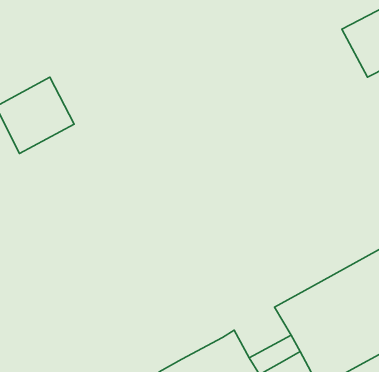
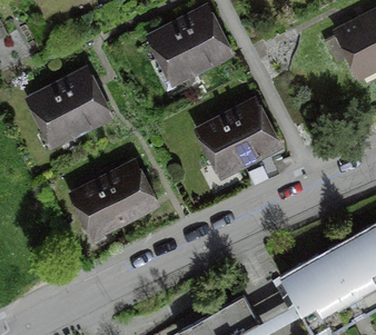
building: none -> [154,11,222,90]
building: none -> [202,105,271,169]
building: none -> [77,167,148,230]

